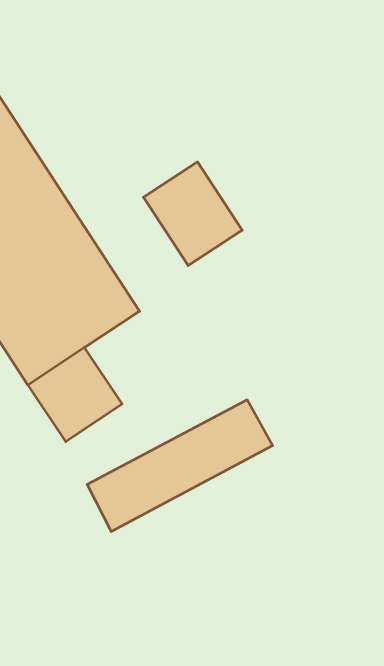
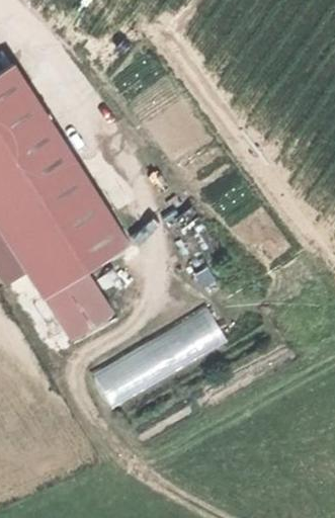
building: [143,162,242,266] -> none

